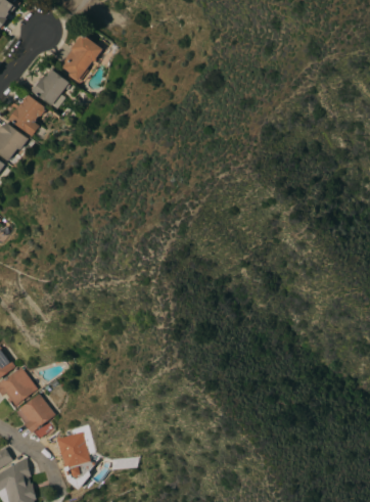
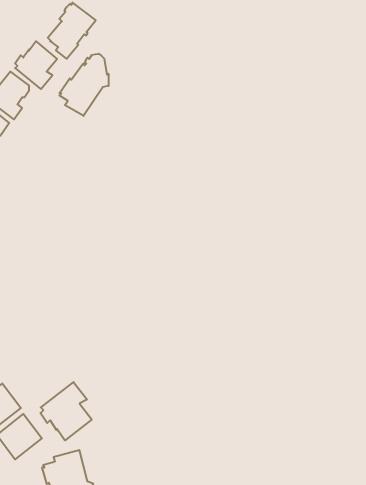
building: none -> [59,54,109,116]
building: none -> [40,382,92,440]

